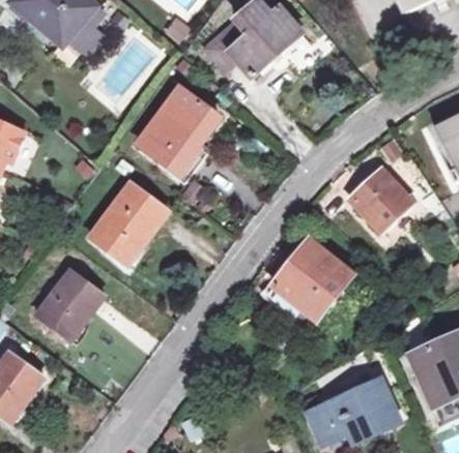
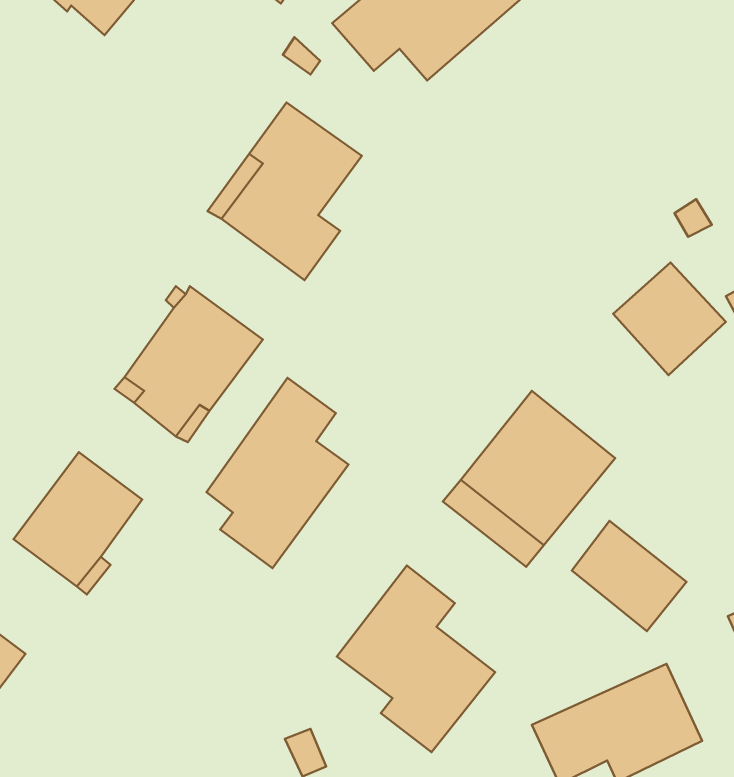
building: none -> [207,378,348,568]
building: none -> [572,521,687,631]
building: none -> [337,565,495,752]

